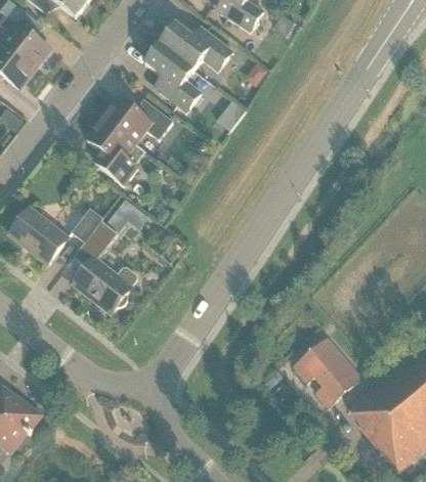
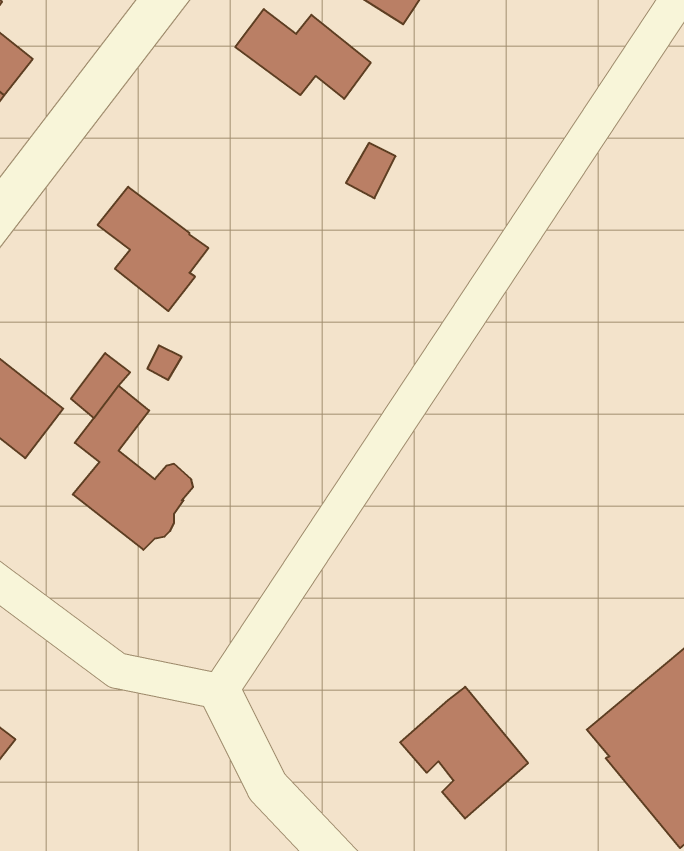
building: [143,43,200,112] -> none
building: [101,96,172,142] -> none
building: [292,336,360,406] -> [400,687,528,819]

